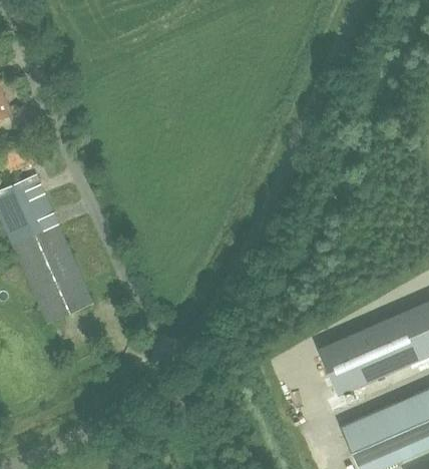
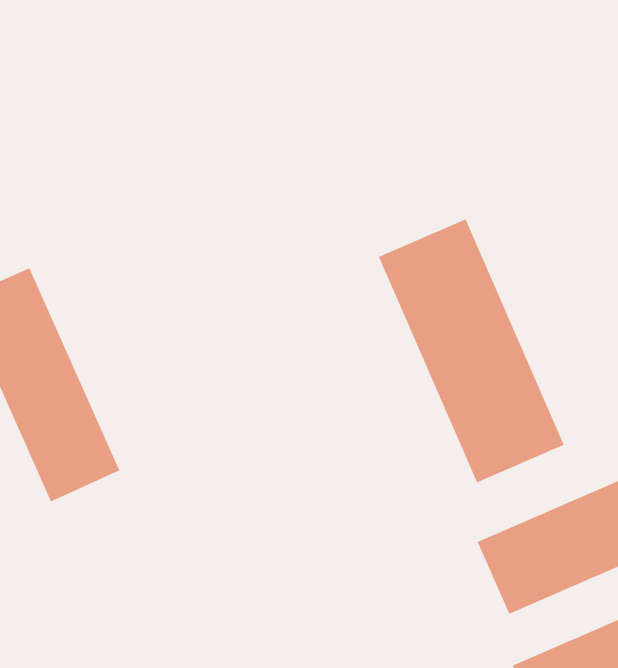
building: none -> [378,219,564,483]

